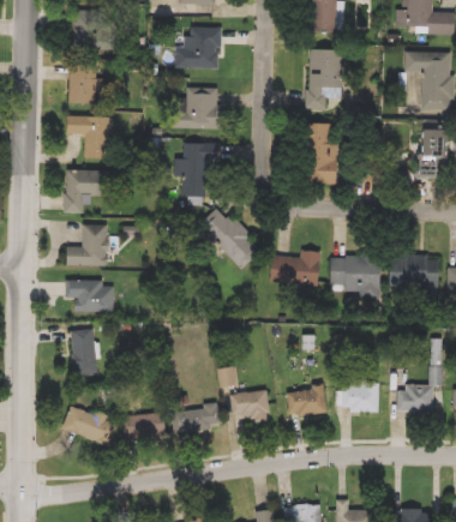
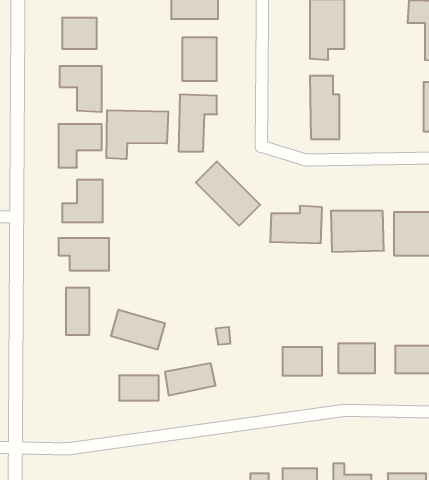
building: none -> [107,110,168,159]
building: [223,389,264,420] -> none
building: [64,406,116,444] -> [111,310,165,349]

